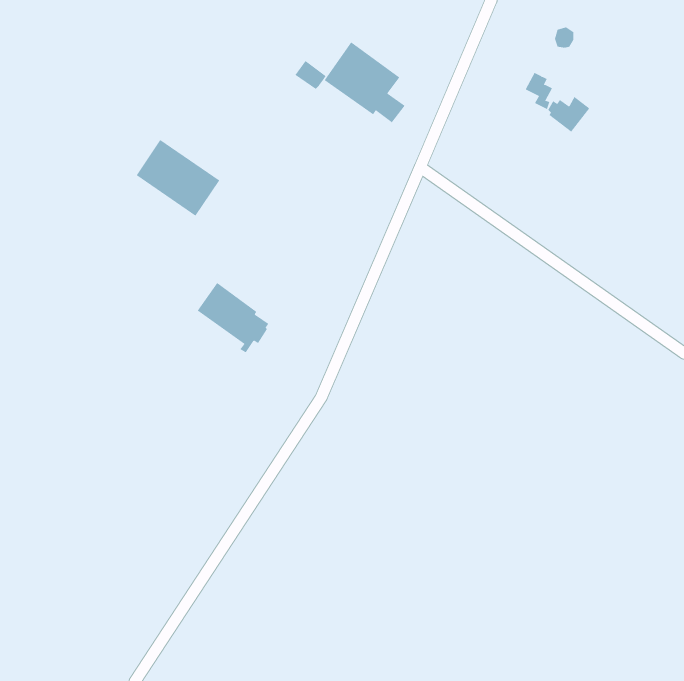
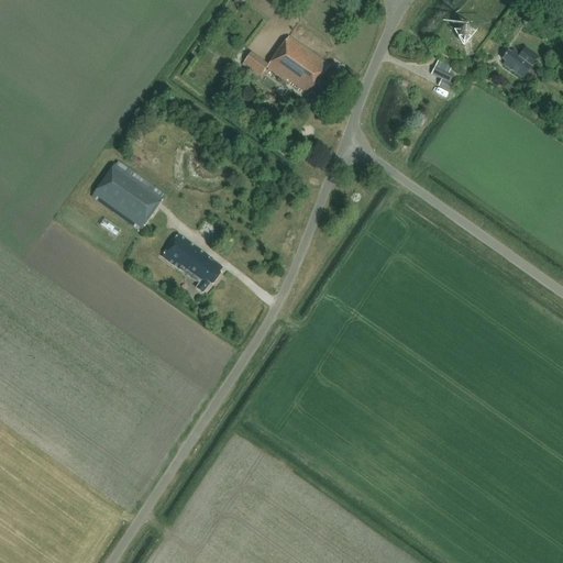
building: [547,96,590,132] -> [504,46,539,76]
building: [136,139,220,217] -> [92,163,162,227]

